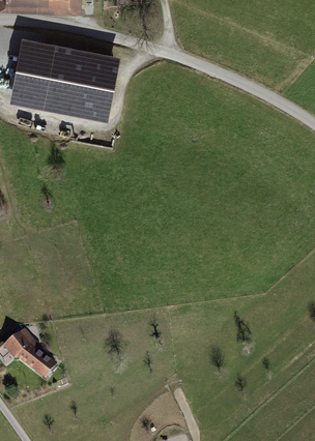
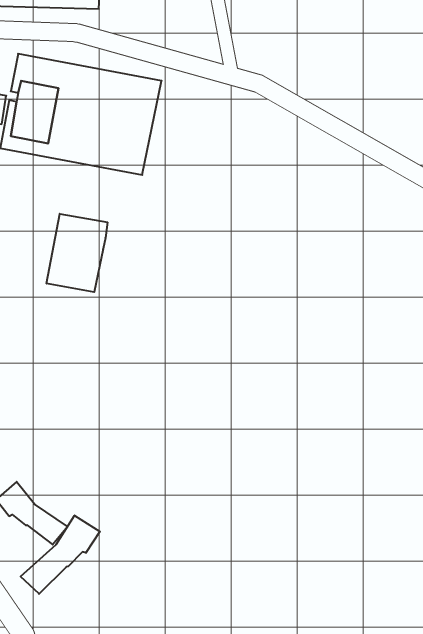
building: none -> [47,214,107,292]
building: none -> [21,515,100,594]

